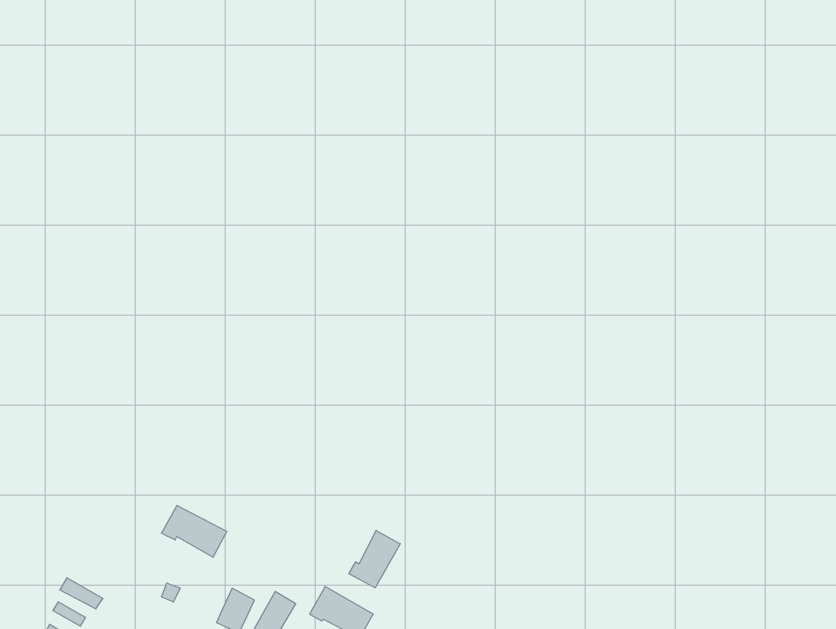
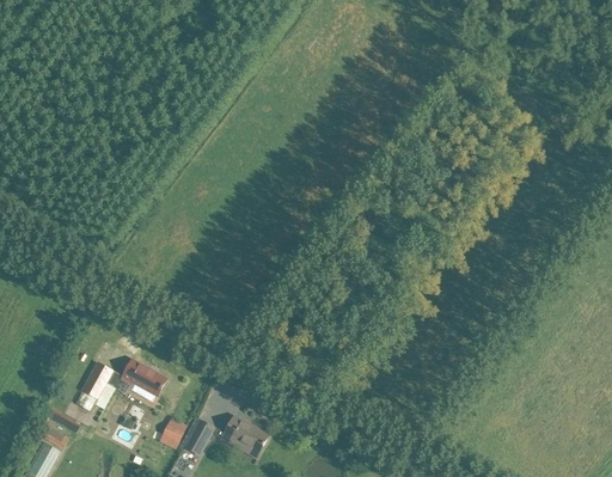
building: none -> [81,362,112,399]
building: [349,530,400,588] -> none

